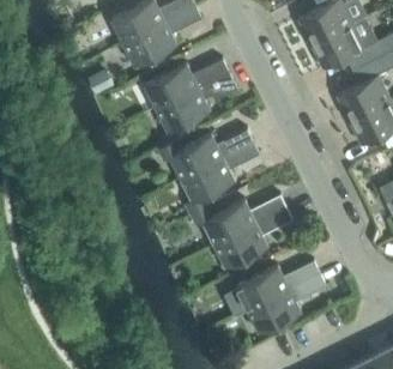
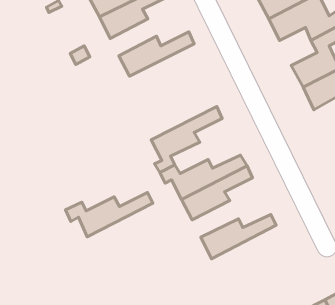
building: [157,72,236,132] -> none
building: [157,129,254,179] -> [66,192,153,237]
building: [248,273,327,333] -> none

